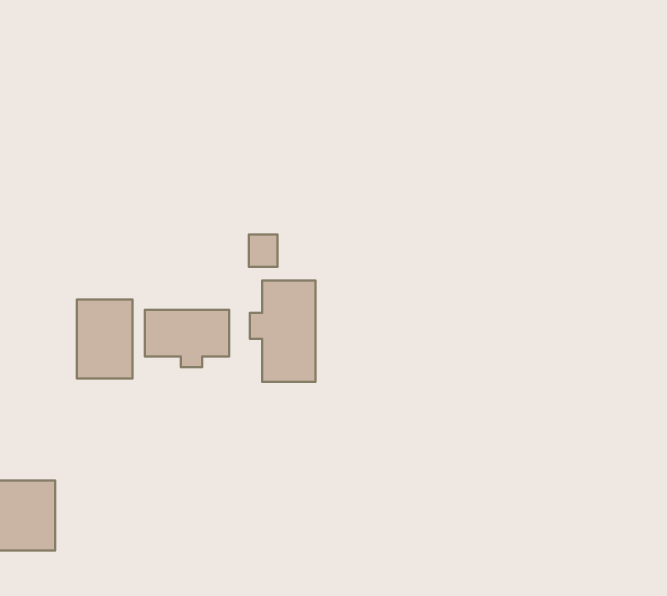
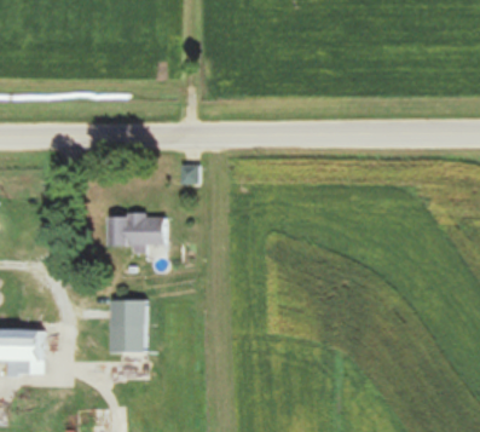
building: [250,281,315,382] -> none
building: [77,299,133,378] -> [109,300,146,353]

